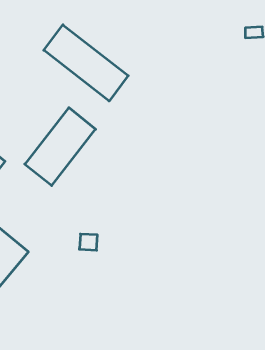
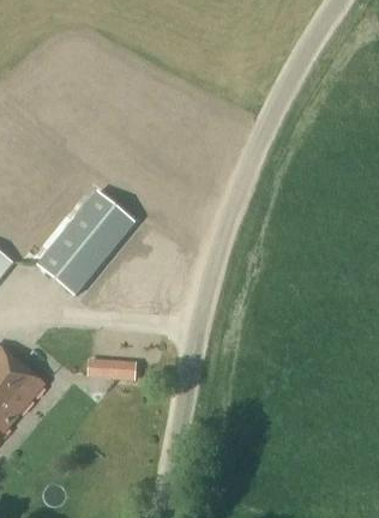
building: [44,25,128,101] -> none

